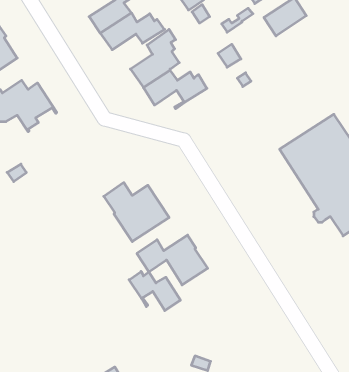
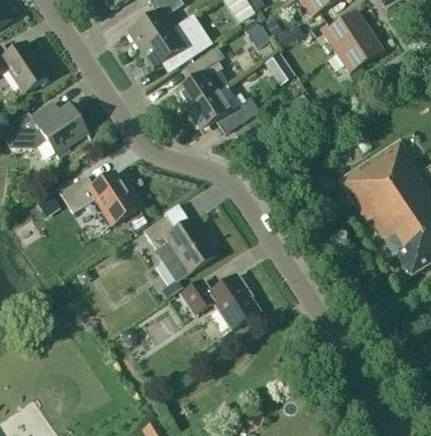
building: none -> [335,30,382,73]
building: none -> [58,171,138,224]
building: [129,271,180,311] -> none

